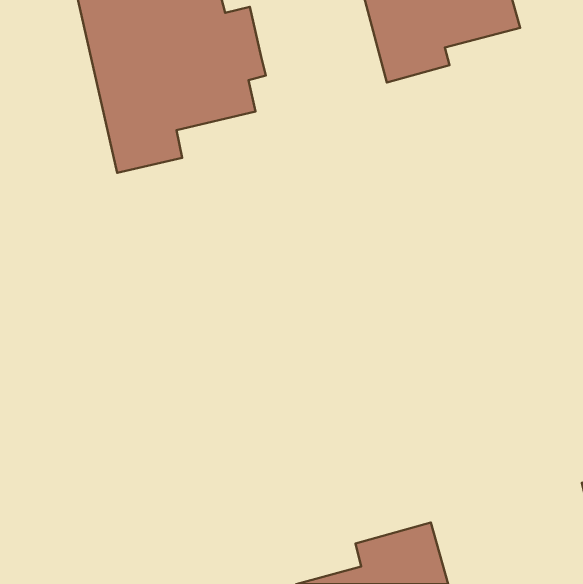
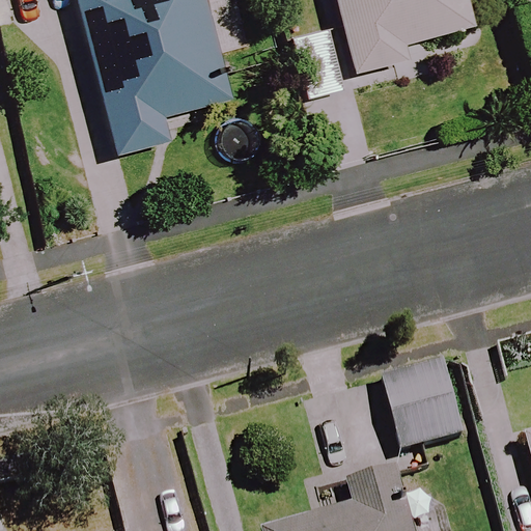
building: none -> [386,366,466,449]

